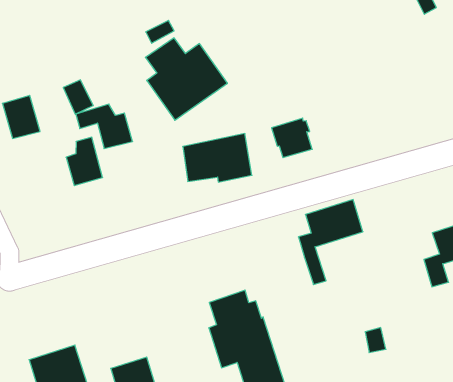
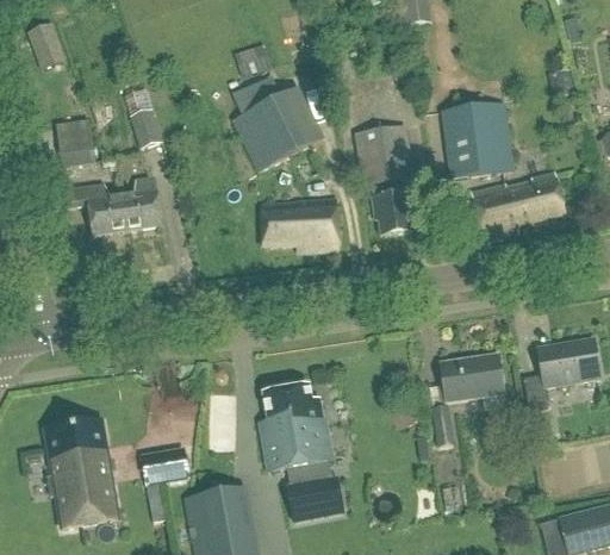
building: none -> [443,101,511,176]
building: none -> [351,124,412,186]
building: none -> [469,173,562,242]
building: [76,104,133,149] -> [64,183,126,235]
building: [298,200,363,285] -> [428,353,504,445]

